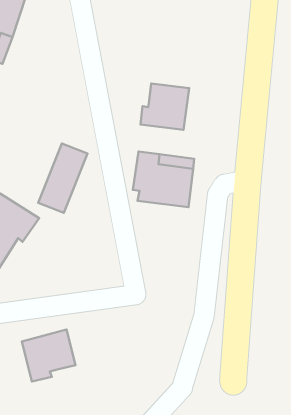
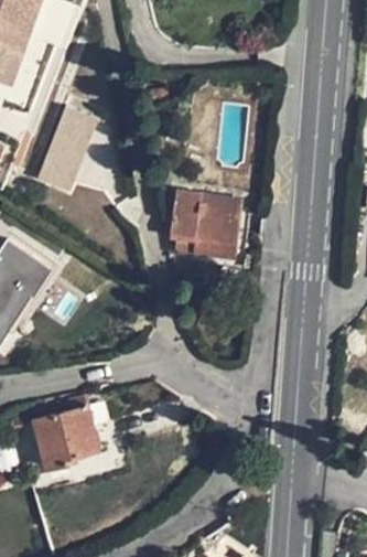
building: [141,83,189,130] -> none
building: [38,143,88,213] -> [33,108,93,192]

